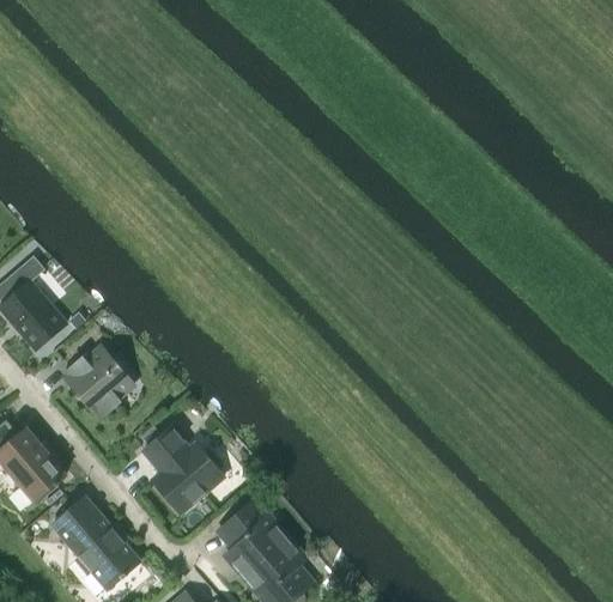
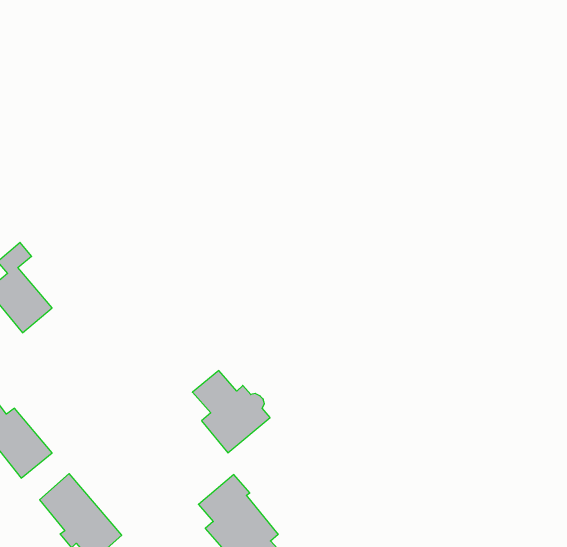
building: [68,348,133,413] -> none
building: [142,427,224,513] -> [192,371,270,453]

